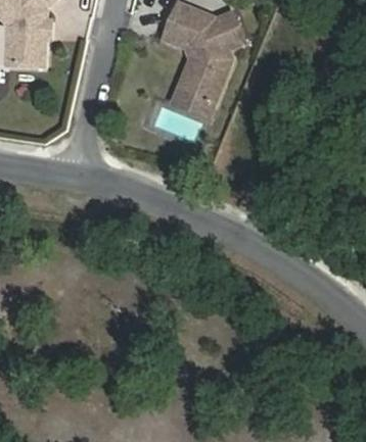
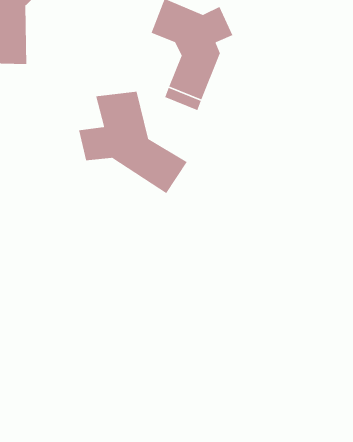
building: none -> [78,91,188,194]

